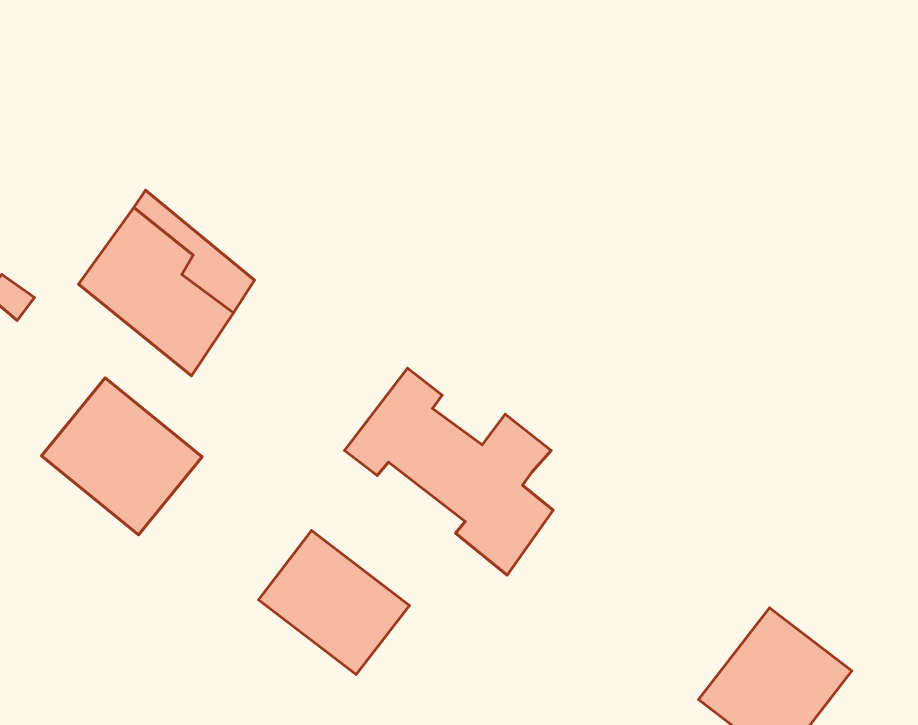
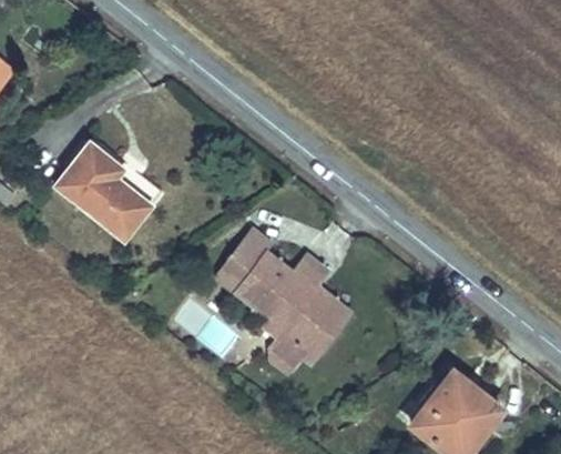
building: [42,378,202,535] -> none
building: [258,531,409,675] -> none

